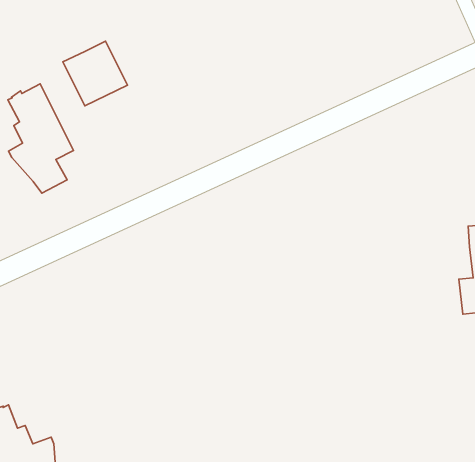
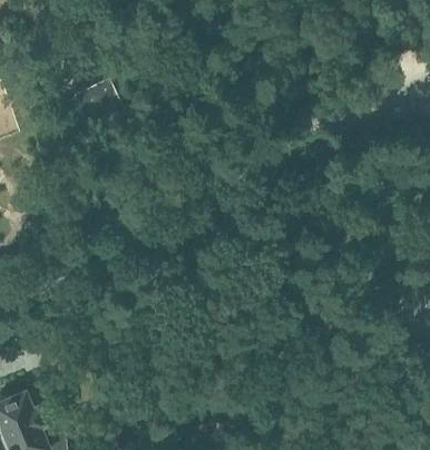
building: [8,84,73,193] -> none

